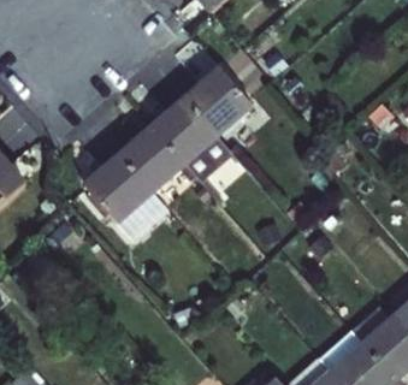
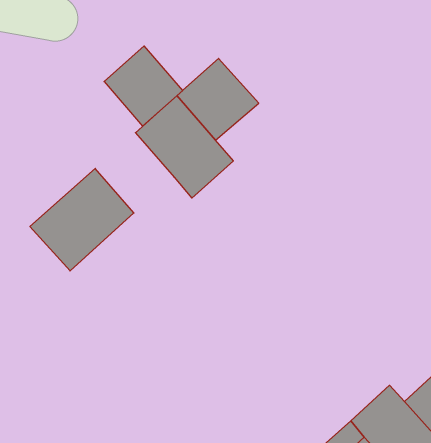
building: [114,128,178,192] -> [104,46,183,126]

